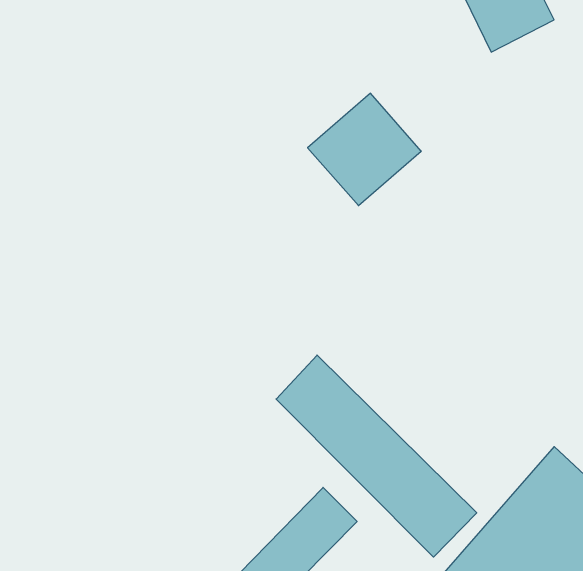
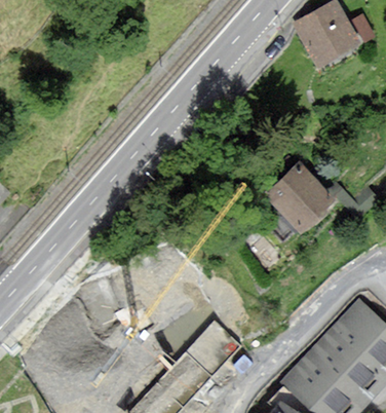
building: [308,93,421,206] -> [267,166,336,234]
building: [276,355,477,557] -> none

